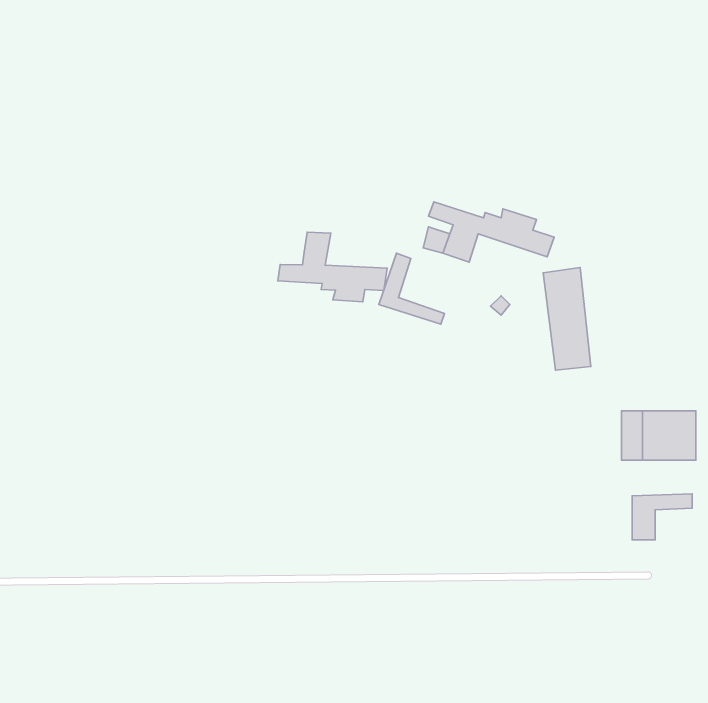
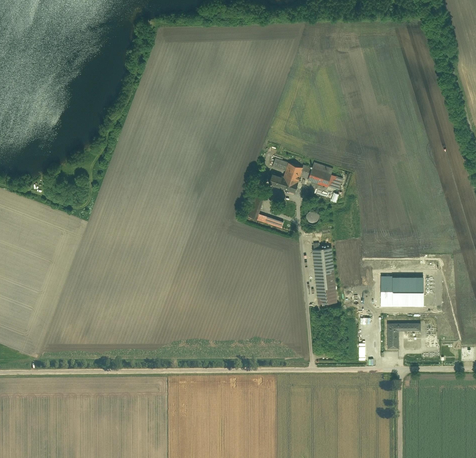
building: [278,232,387,302] -> none
building: [543,267,591,370] -> [309,247,336,305]

